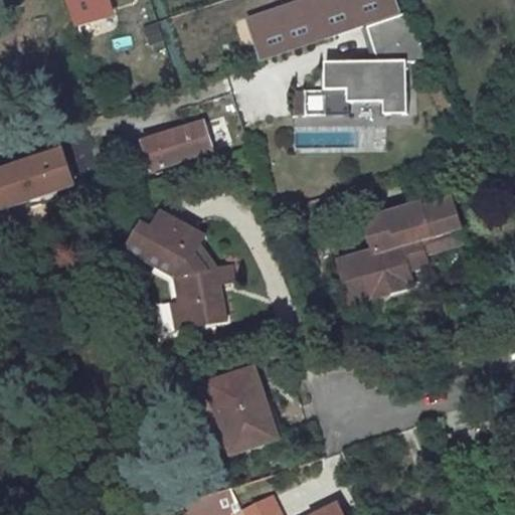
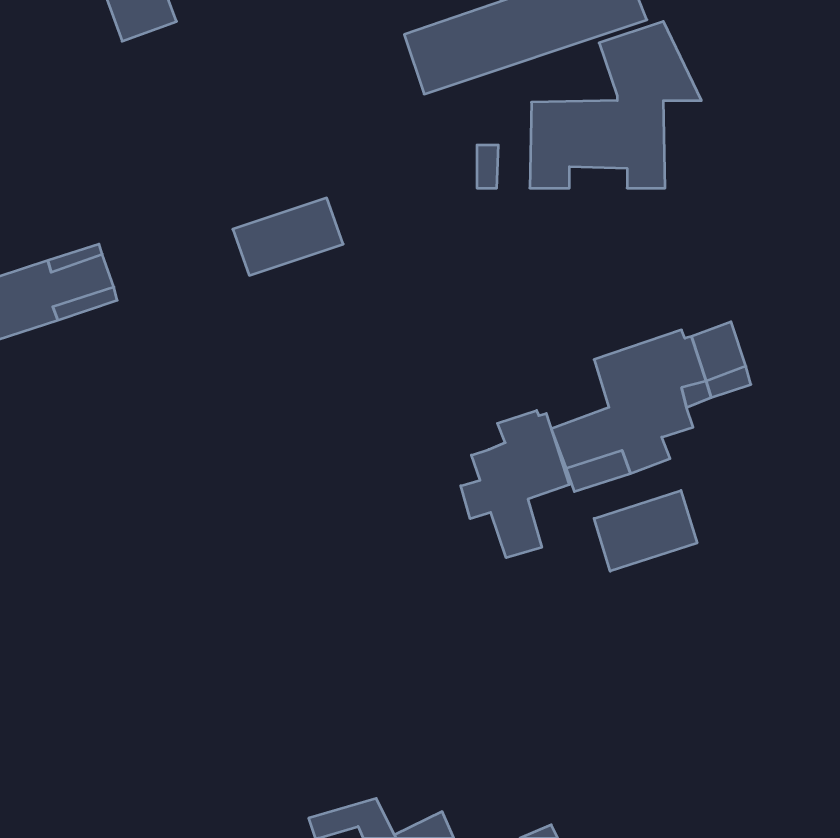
building: [137,214,246,334] -> none
building: none -> [461,410,569,558]
building: none -> [594,490,697,571]
building: [206,369,275,455] -> none

